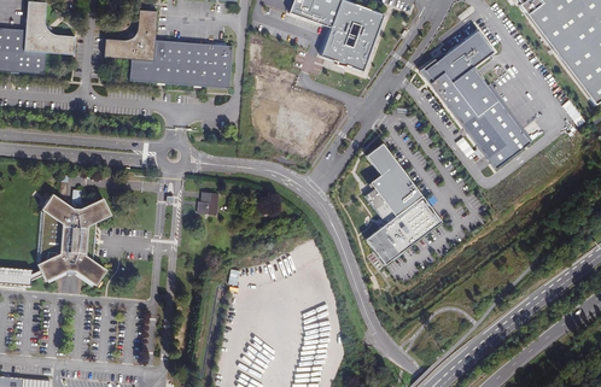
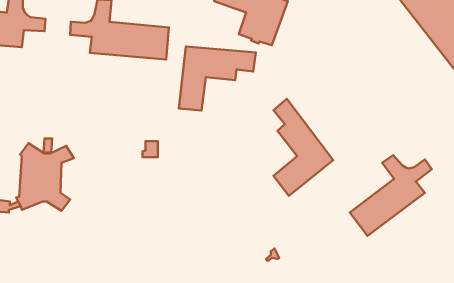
building: [425,28,531,165] -> none
building: none -> [179,47,256,111]
building: none -> [350,155,432,236]

